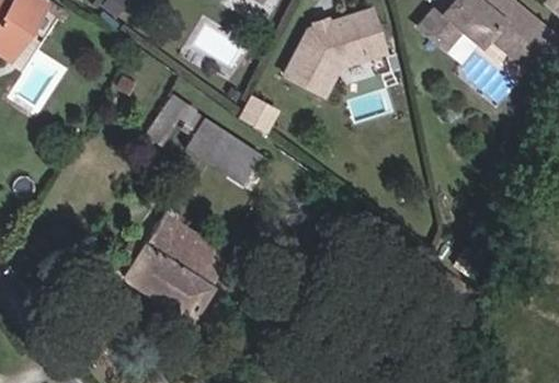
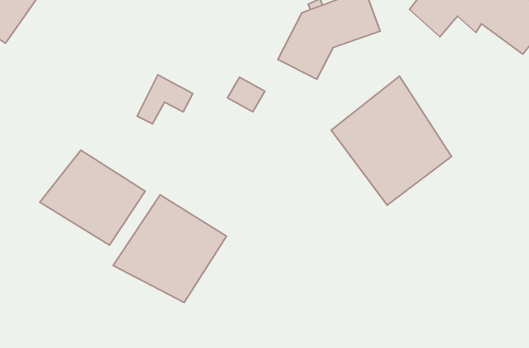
building: none -> [331,76,451,205]
building: [185,119,264,186] -> none
building: none -> [40,150,145,245]

